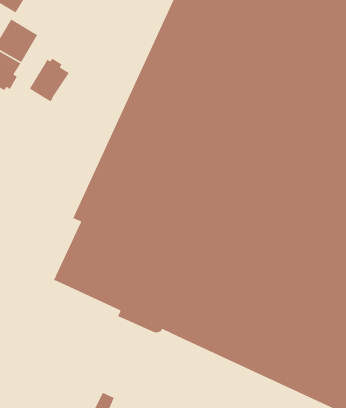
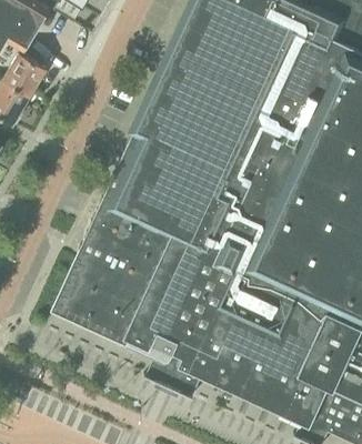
building: [29,57,70,103] -> none

